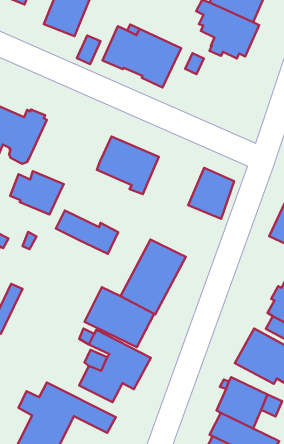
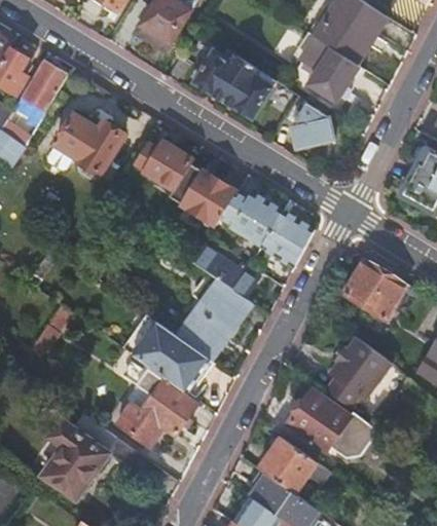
building: none -> [290,101,333,147]
building: none -> [220,191,283,248]
building: [10,171,64,214] -> [134,141,192,189]
building: [56,211,118,254] -> [192,246,258,298]

